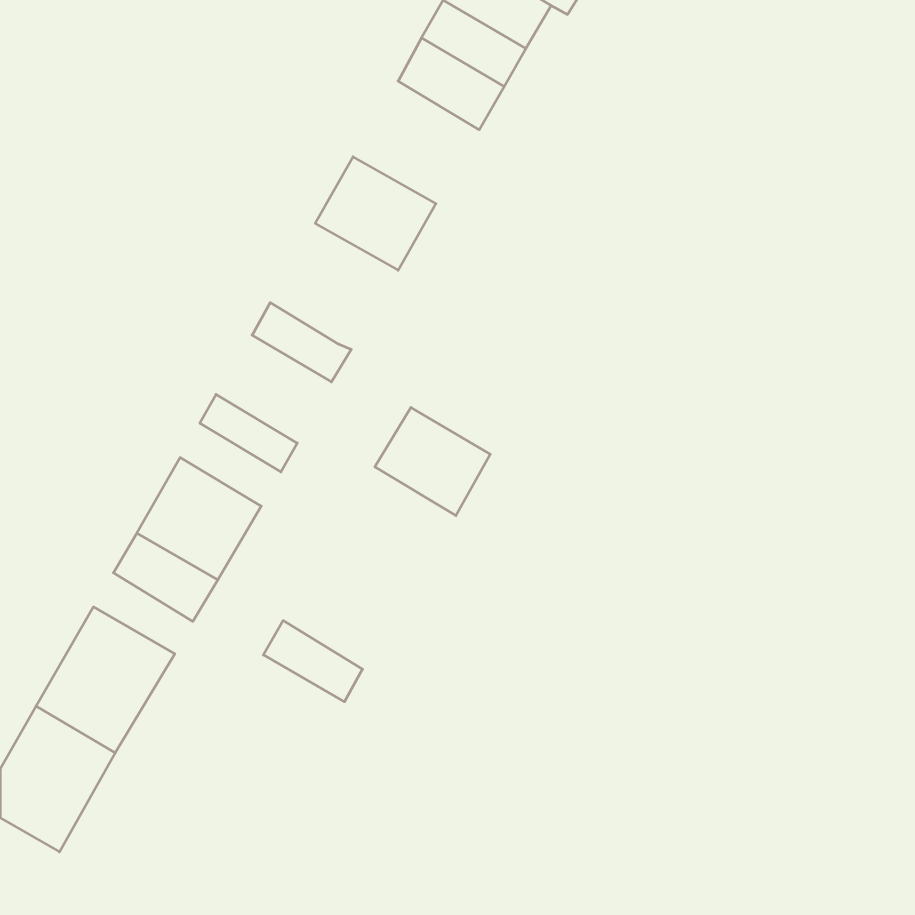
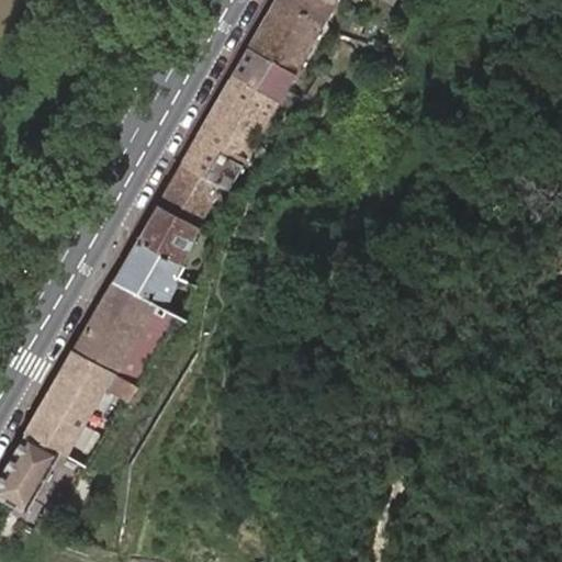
building: none -> [218,49,295,124]
building: none -> [168,136,246,210]
building: [375,407,490,516] -> [135,204,205,270]
building: none -> [113,258,175,308]
building: [263,621,363,702] -> [60,349,121,398]

